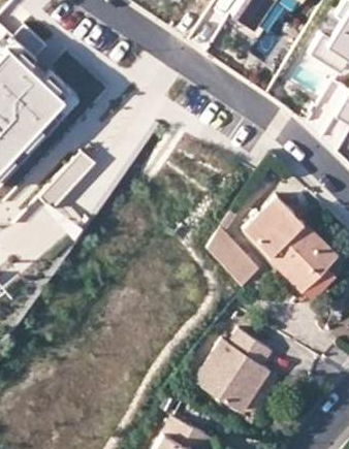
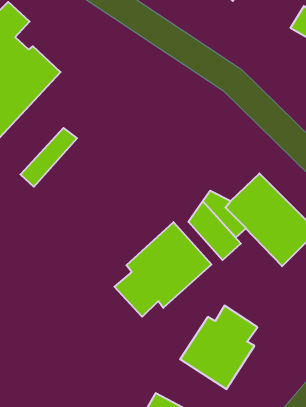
building: none -> [114,222,211,317]

